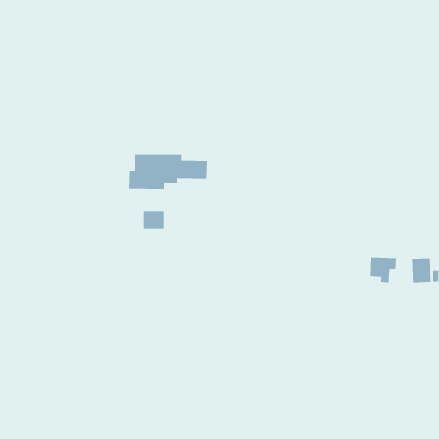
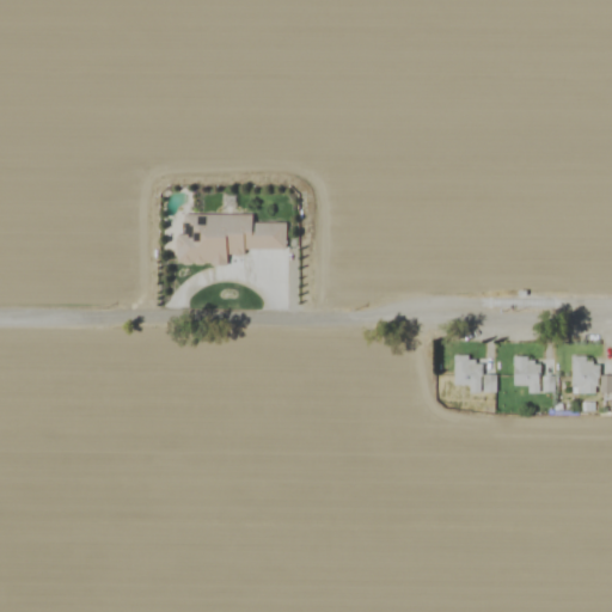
building: [143,211,165,229] -> none
building: none -> [455,356,492,393]

